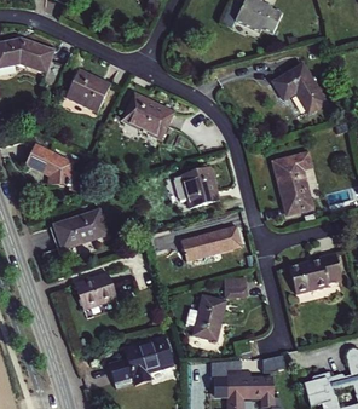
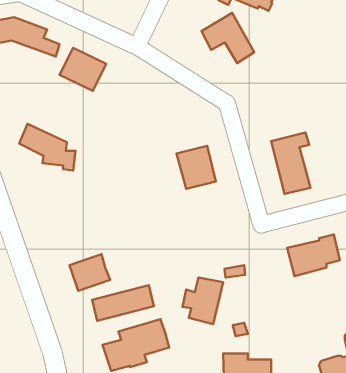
building: [273,63,325,113] -> [201,13,254,63]
building: [121,93,174,139] -> none
building: [53,209,108,247] -> none
building: [180,225,241,260] -> [92,285,154,321]

